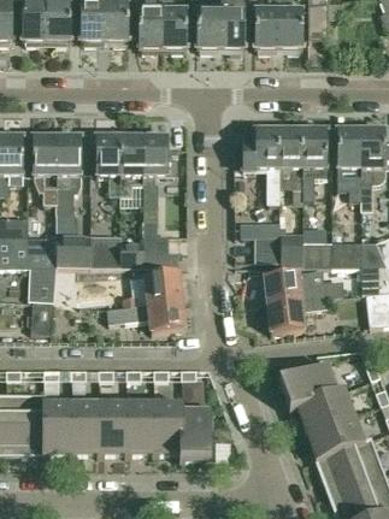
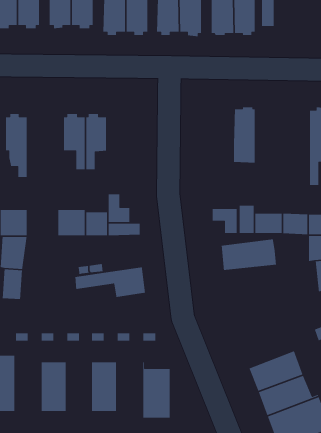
building: [242,125,279,199] -> none
building: [302,125,326,187] -> none
building: [336,125,360,201] -> none
building: [57,132,81,213] -> none
building: [142,132,177,204] -> none
building: [57,236,89,265] -> none
building: [145,270,181,302] -> none
building: [267,296,326,331] -> none
building: [278,362,344,409] -> none
building: [43,393,71,454] -> none
building: [99,400,125,454] -> none
building: [153,400,181,461] -> none

